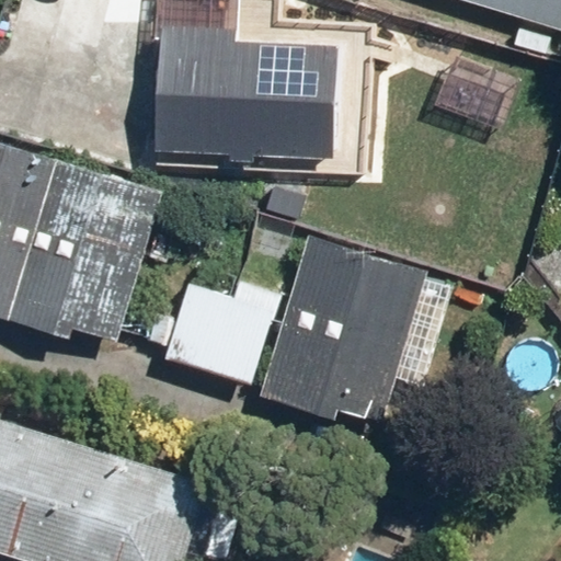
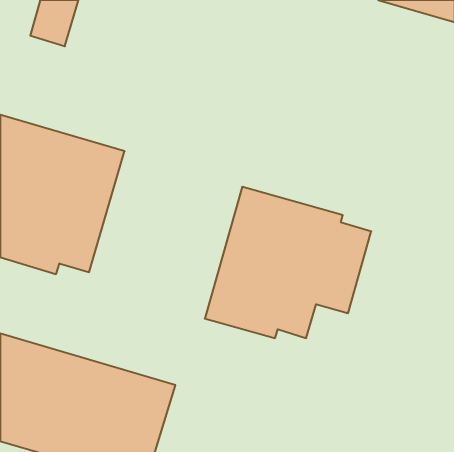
building: [152,25,337,157] -> none
building: [161,285,270,383] -> none

